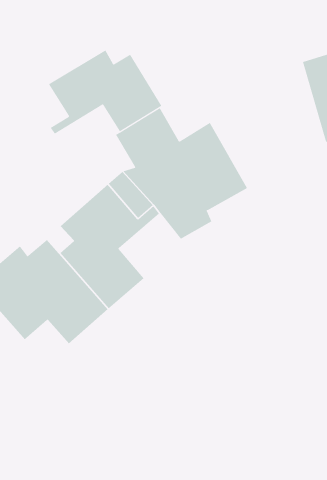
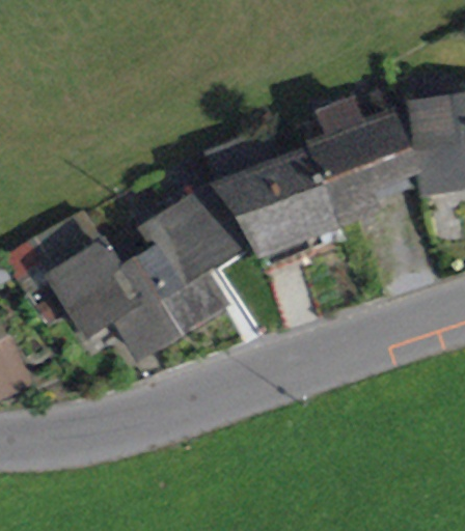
building: [48,49,162,134] -> none
building: none -> [306,103,413,224]

